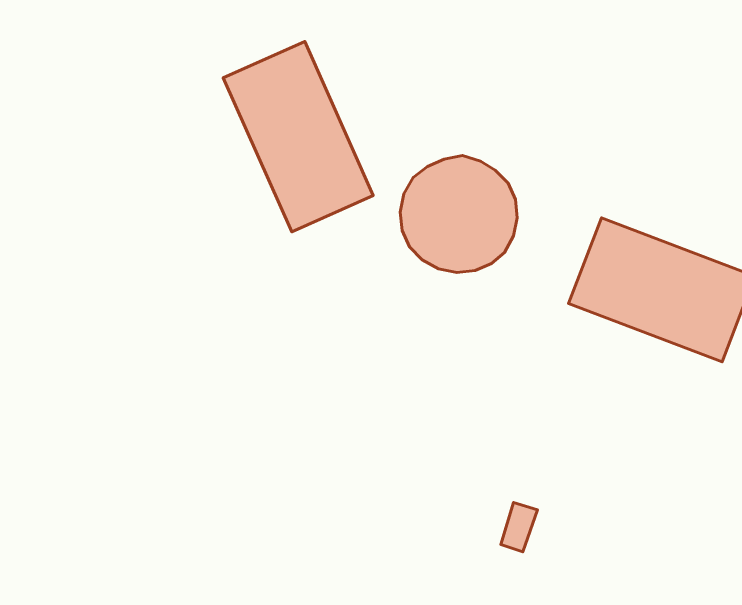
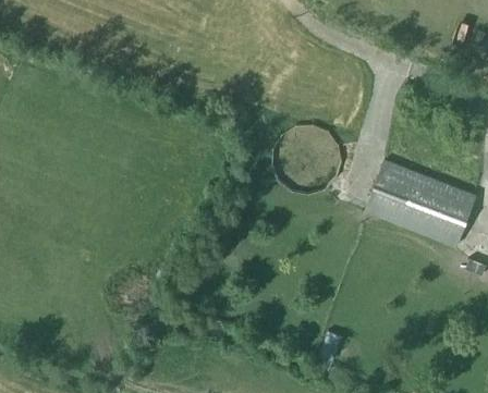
building: [223,42,373,232] -> none

